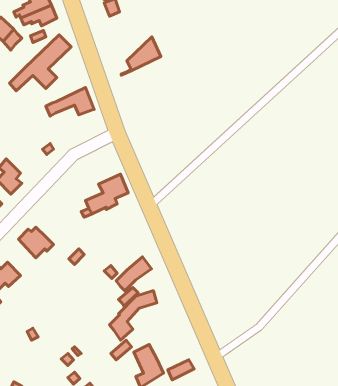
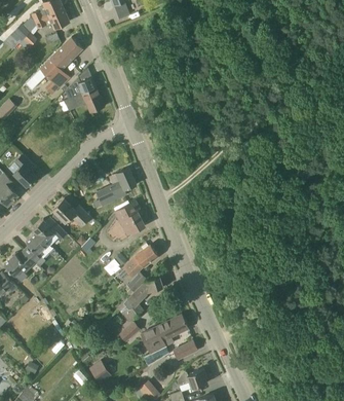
building: [121,37,161,75] -> [60,68,97,104]
building: none -> [52,198,90,226]
building: none -> [107,200,145,243]
building: none -> [24,228,53,266]
building: none -> [156,315,188,340]

